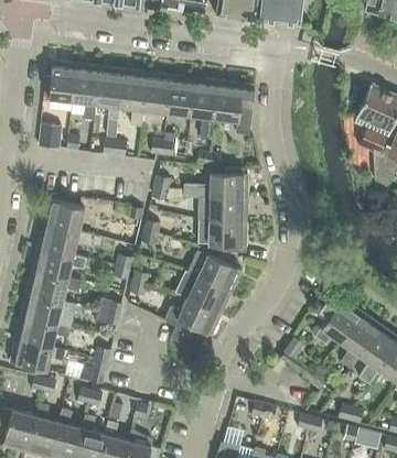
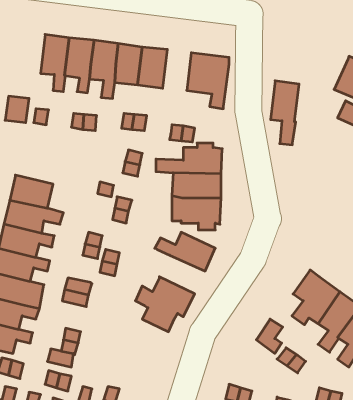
building: [47,62,76,101] -> none
building: [190,78,217,140] -> [271,81,299,145]
building: [174,271,230,314] -> none

